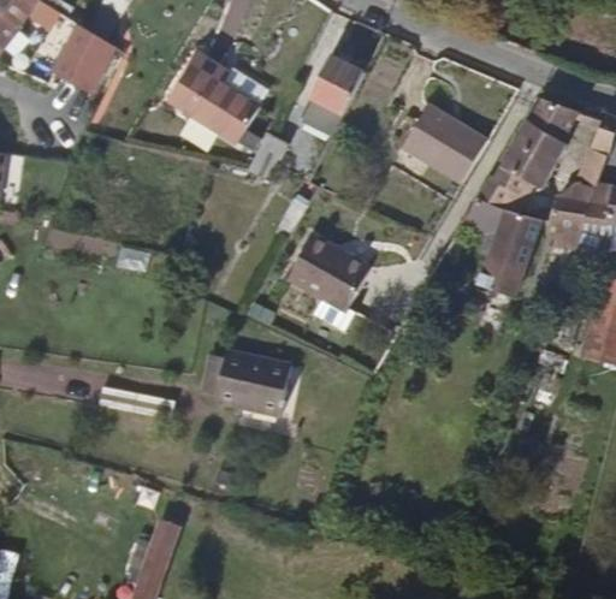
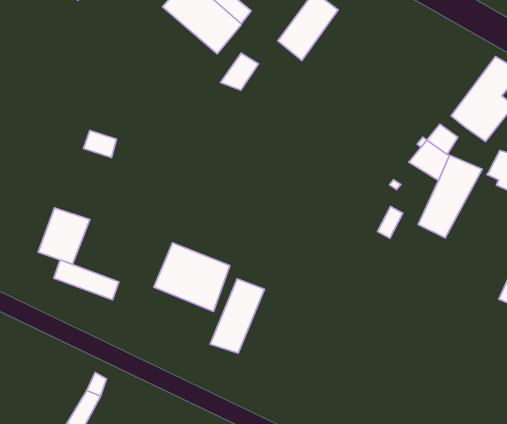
building: [405,108,486,184] -> none
building: [284,231,371,310] -> none
building: none -> [38,208,90,264]
building: none -> [210,279,264,353]

